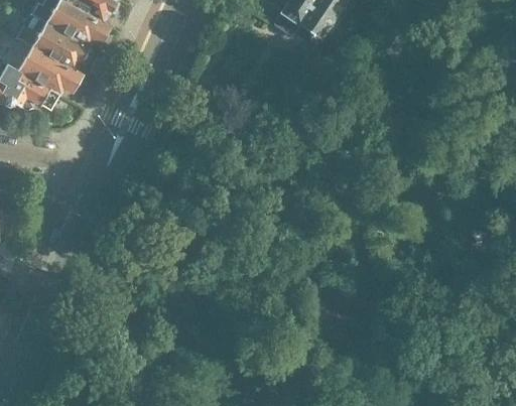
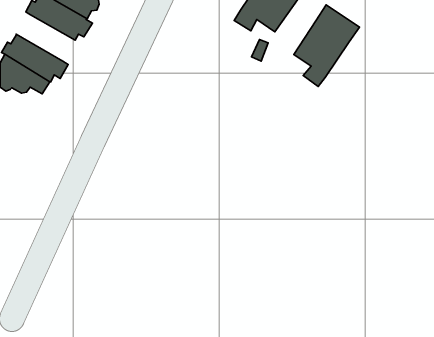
building: none -> [294,5,359,86]
building: [17,17,93,73] -> none

